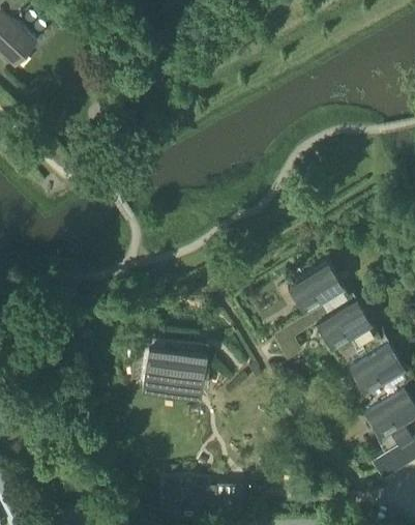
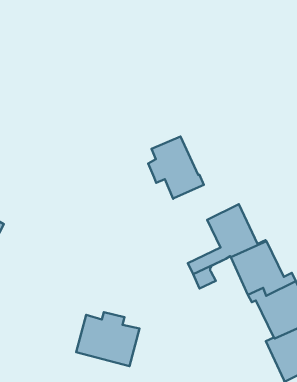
building: none -> [148,137,204,199]
building: [143,344,208,399] -> [76,312,139,366]

